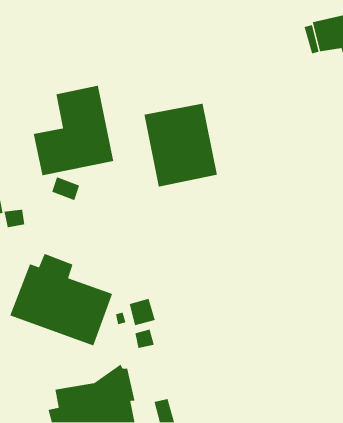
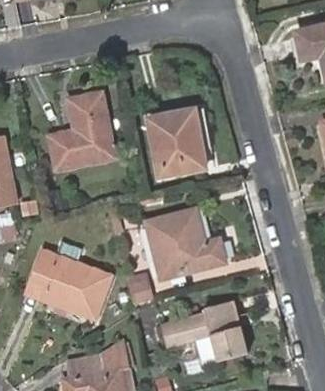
building: none -> [143,206,229,281]
building: none -> [159,301,249,364]

